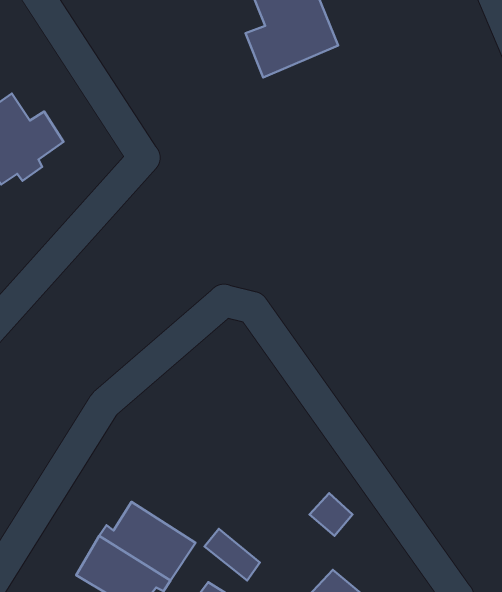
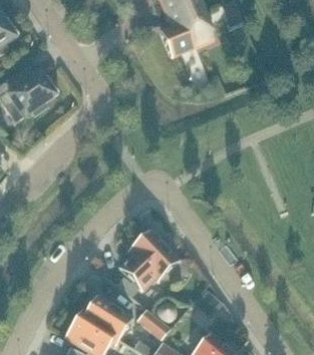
building: none -> [119,231,179,291]

